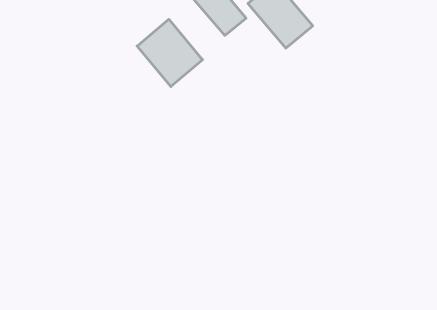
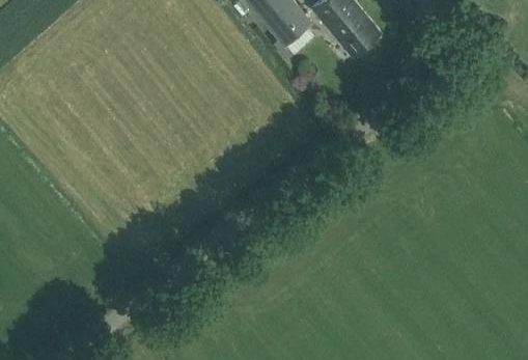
building: [137,19,203,87] -> none

